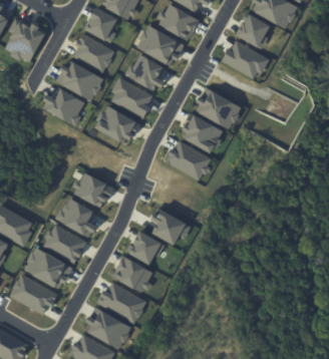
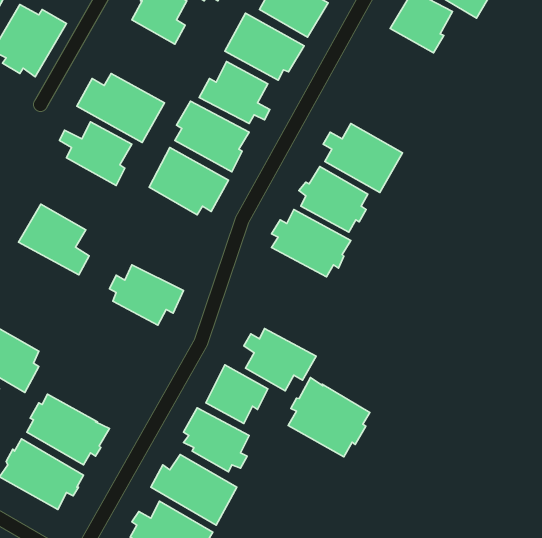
building: [73,31,115,72] -> none
building: [221,40,270,78] -> none
building: [56,197,97,238] -> [19,204,89,275]
building: [43,224,86,262] -> none
building: none -> [288,378,370,457]

